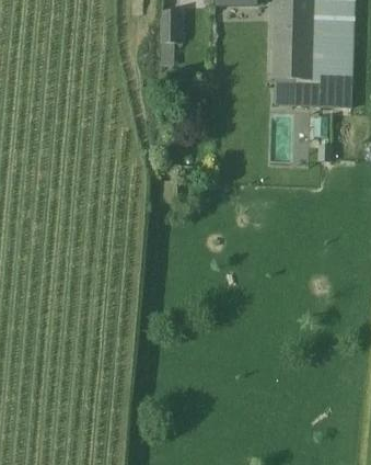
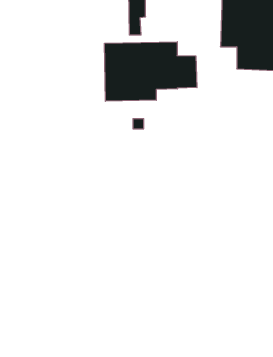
building: none -> [105,42,197,101]

